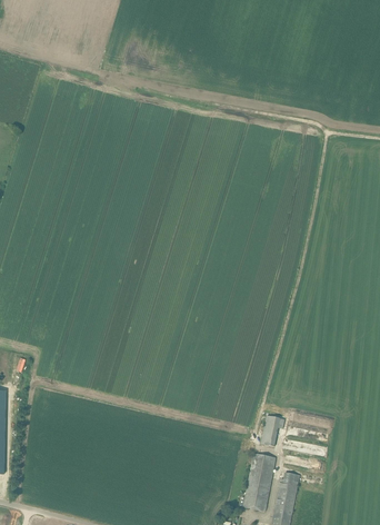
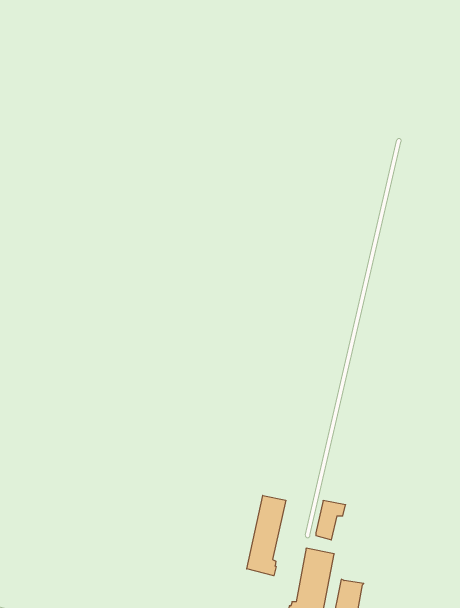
building: none -> [247,495,286,576]

